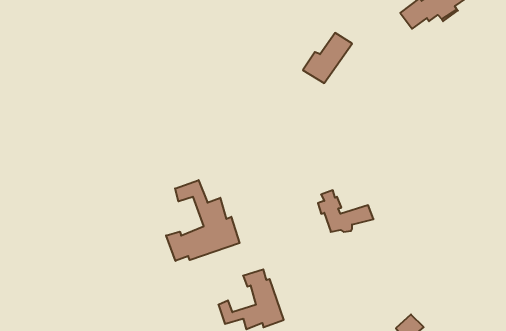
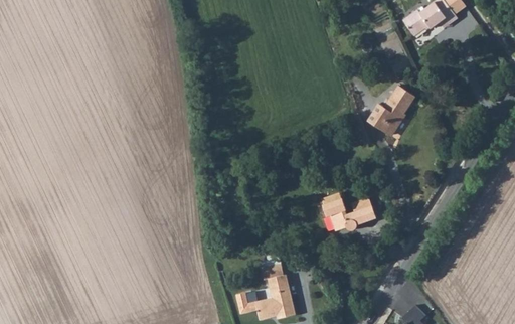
building: [303,33,352,83] -> [369,88,415,135]
building: [166,180,240,261] -> none

